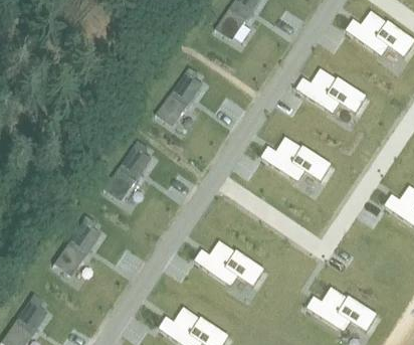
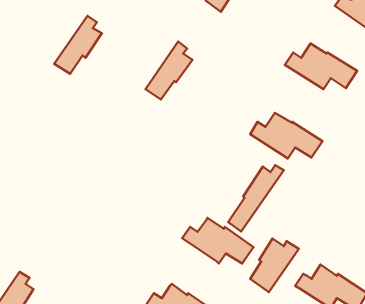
building: [106,142,153,199] -> [54,16,102,74]
building: none -> [228,165,284,232]
building: [54,217,100,274] -> none
building: none -> [250,238,299,292]

